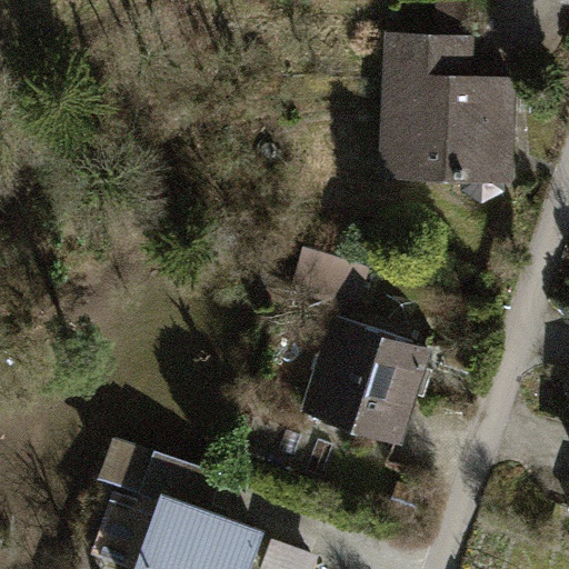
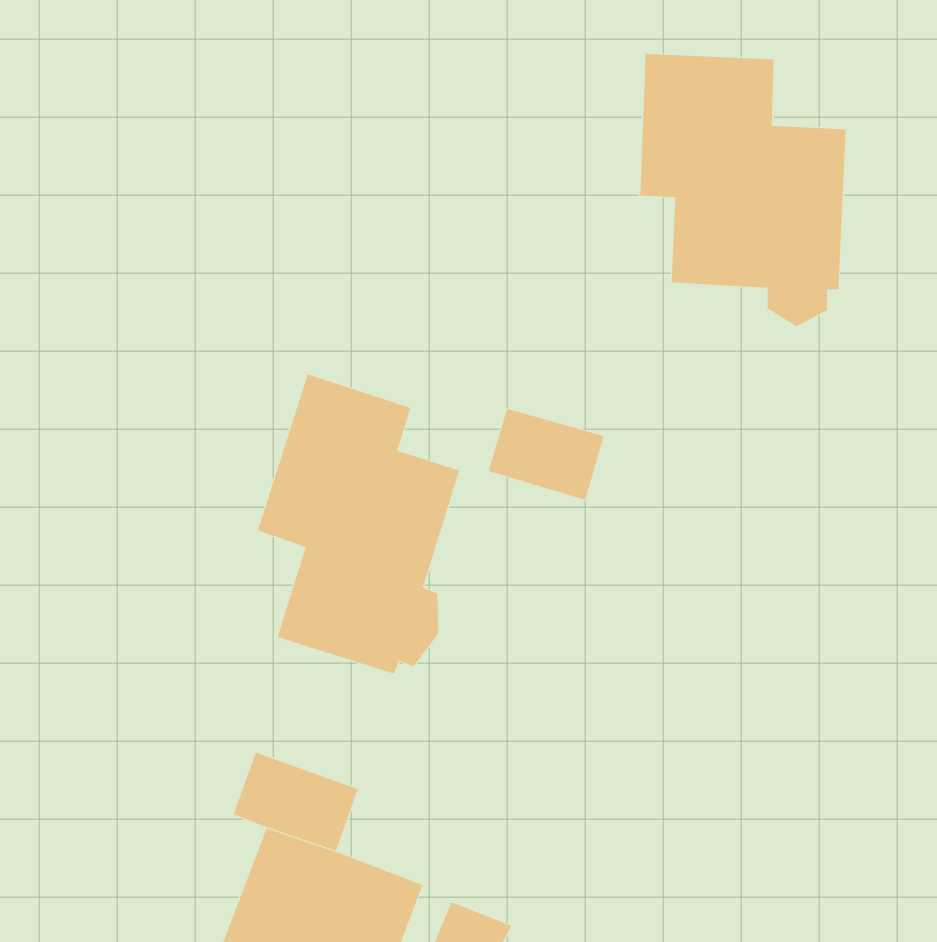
building: none -> [257,373,460,675]
building: [303,317,428,438] -> none

